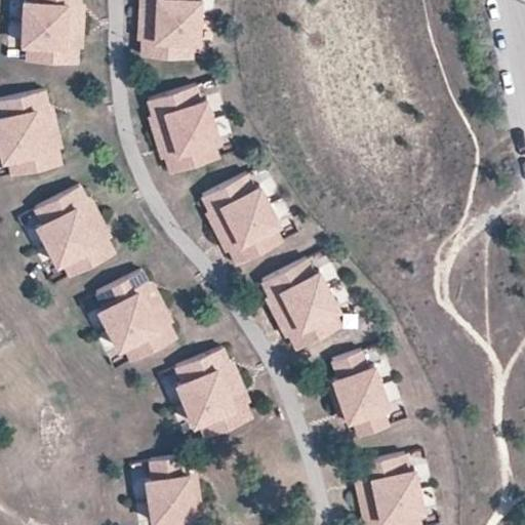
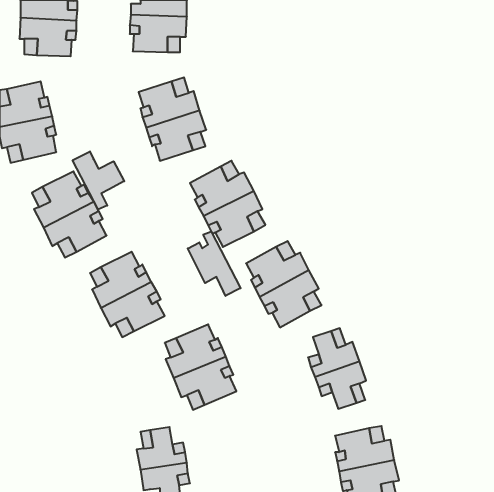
building: none -> [73,151,124,210]
building: none -> [188,231,241,296]

